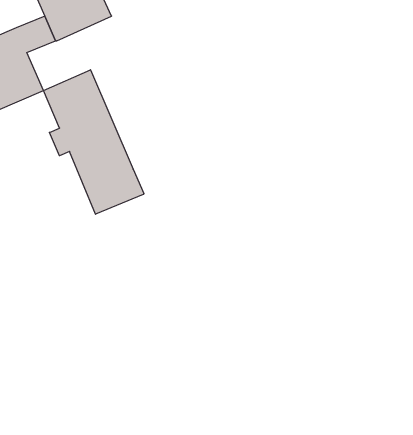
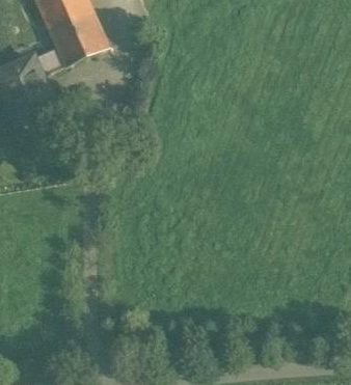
building: [44,70,144,214] -> none

